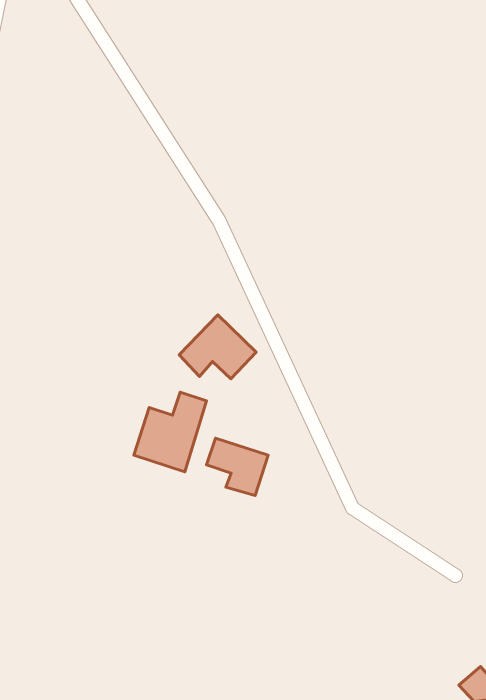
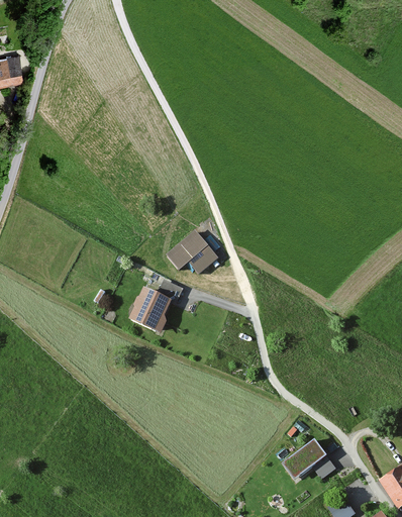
building: [207,438,268,496] -> none
building: none -> [283,440,334,480]

